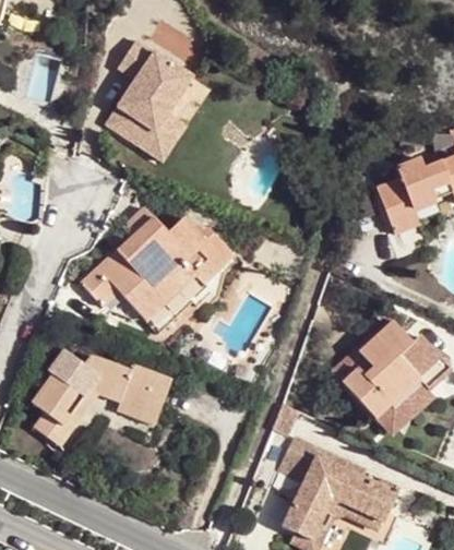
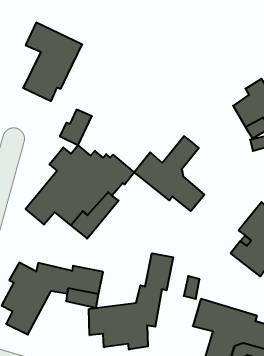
building: [140,112,186,159] -> [60,110,92,145]
building: none -> [134,136,204,211]
building: none -> [89,253,173,350]

